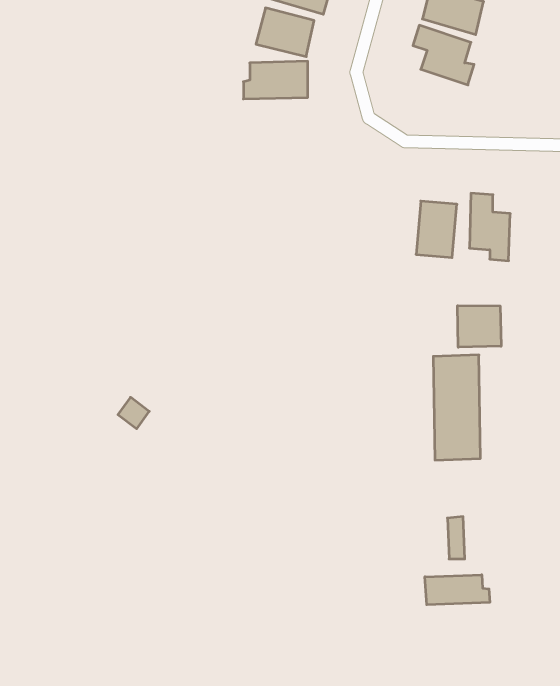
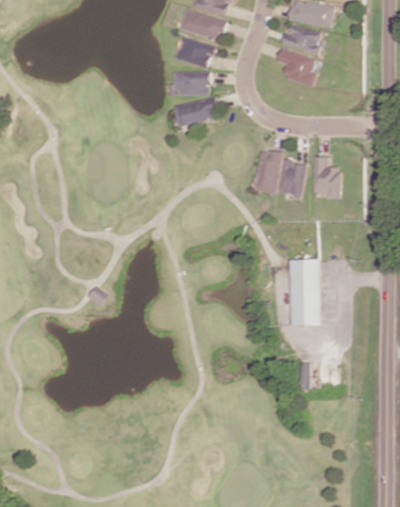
building: none -> [174,96,219,123]
building: none -> [254,148,281,193]
building: [458,306,501,347] -> none
building: [425,575,490,605] -> none

